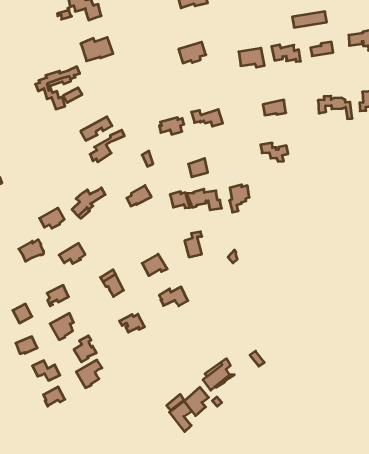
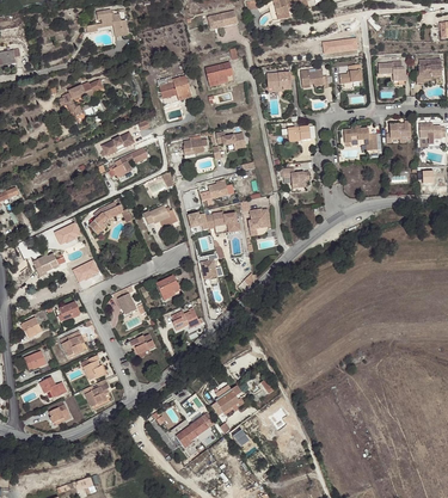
building: [81,37,113,61] -> [158,75,190,98]

